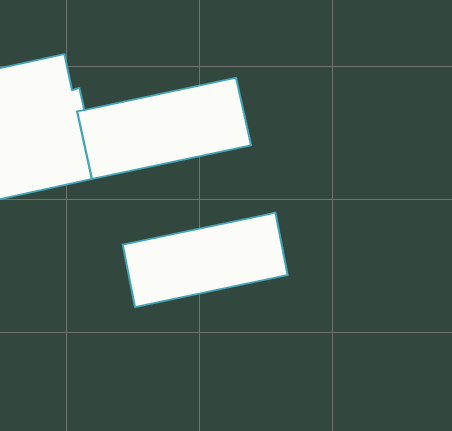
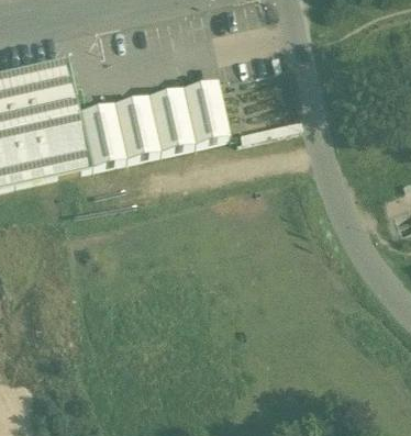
building: [123,212,288,307] -> none

